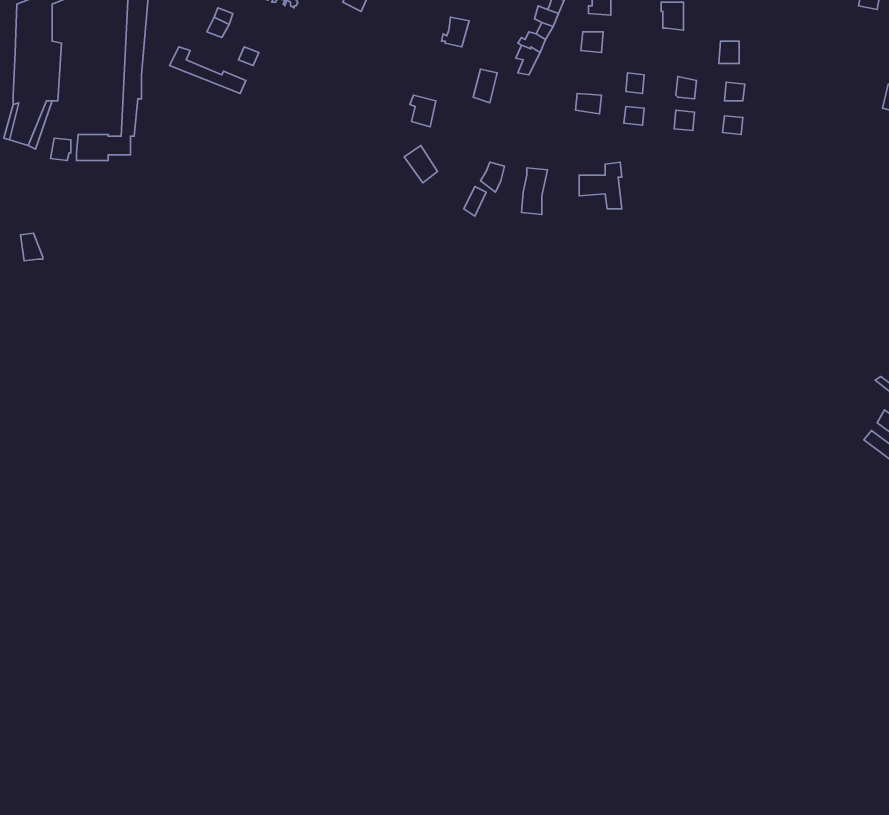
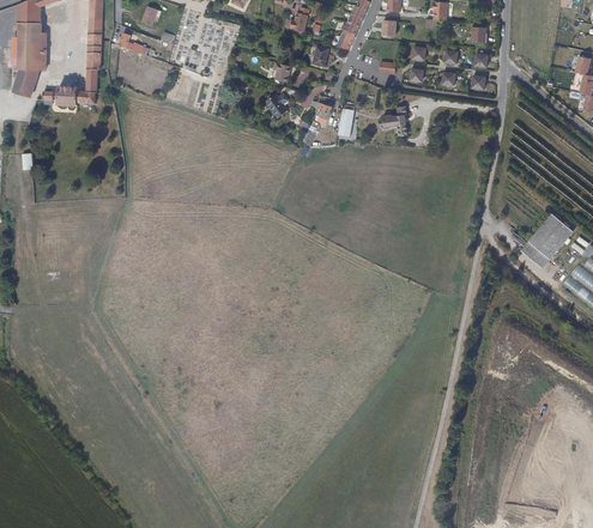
building: none -> [519,213,573,267]

